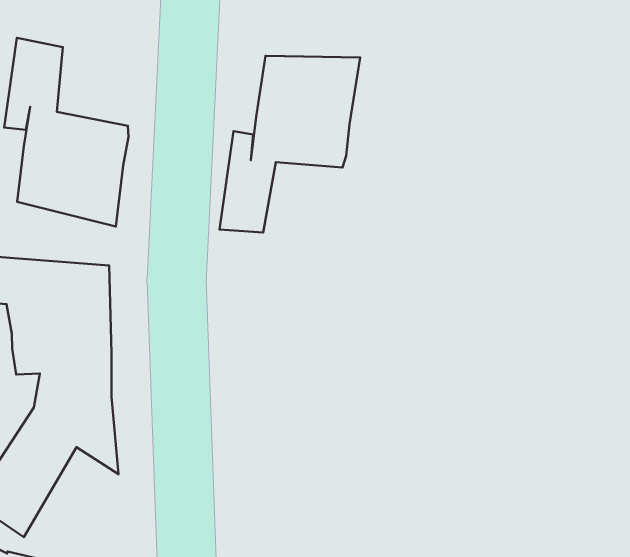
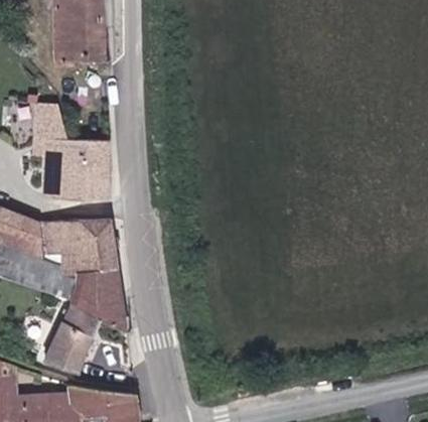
building: [220,56,360,233] -> none

